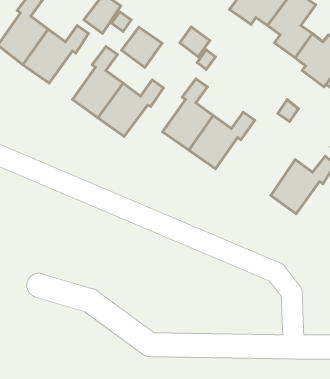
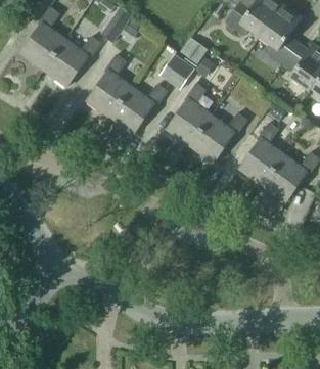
building: [122,27,162,68] -> [159,52,195,88]
building: none -> [239,121,284,185]

